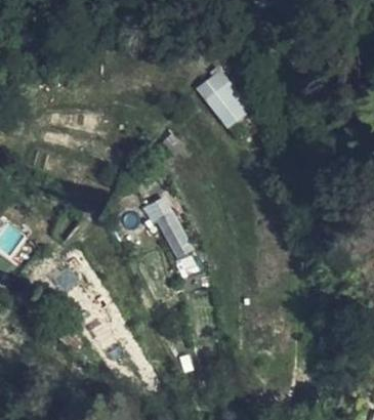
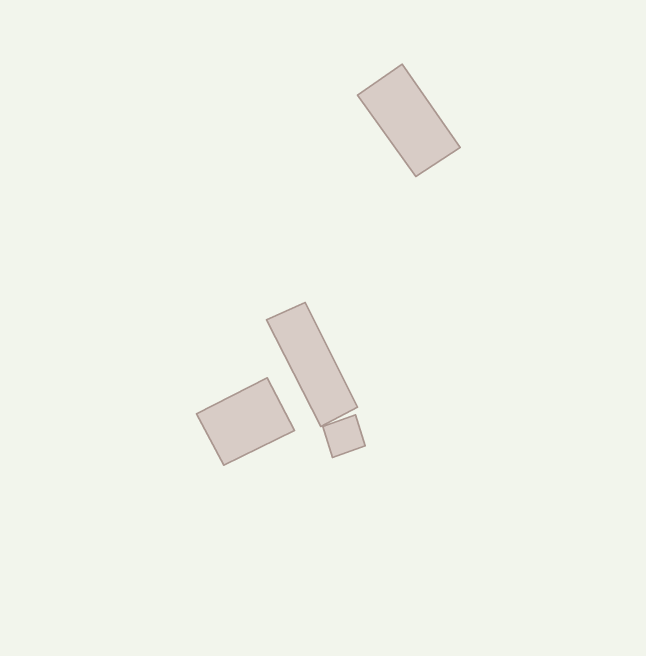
building: none -> [196,378,294,465]

